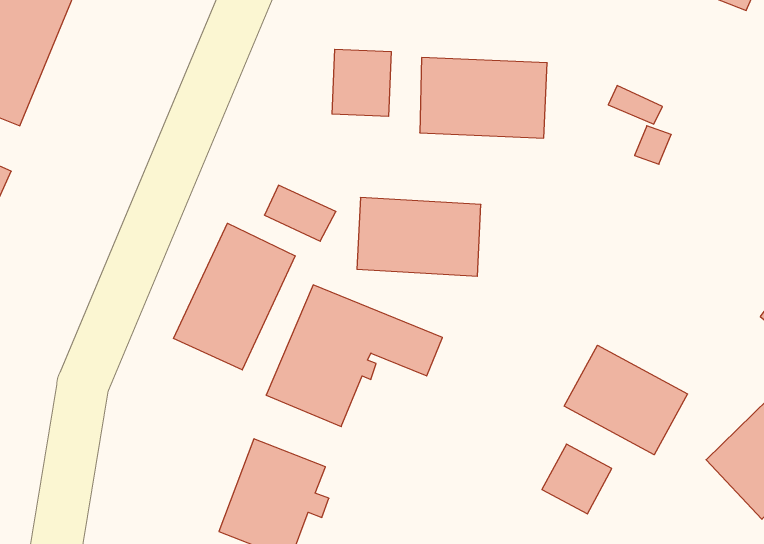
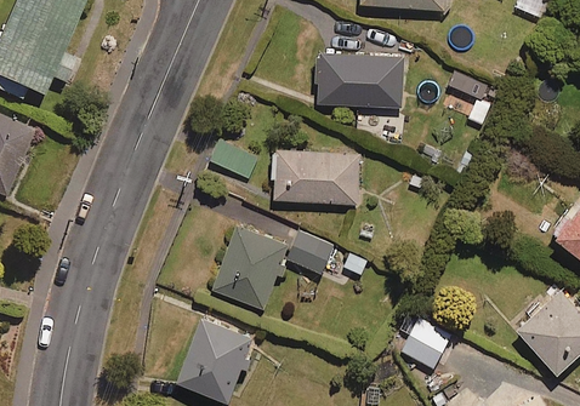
building: [332,49,391,116] -> none
building: [174,223,295,370] -> none
building: [564,345,688,455] -> none

